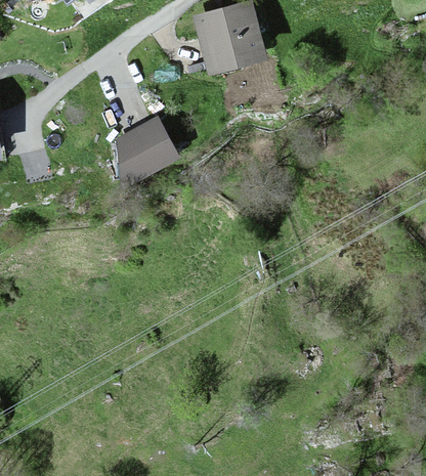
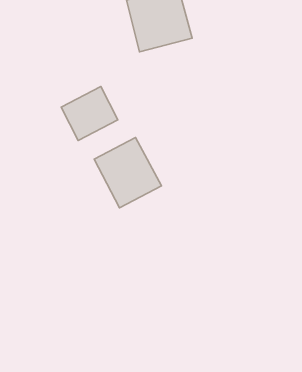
building: none -> [94,138,162,208]

